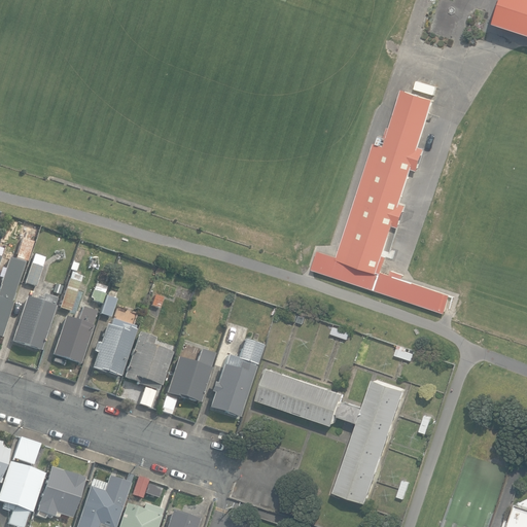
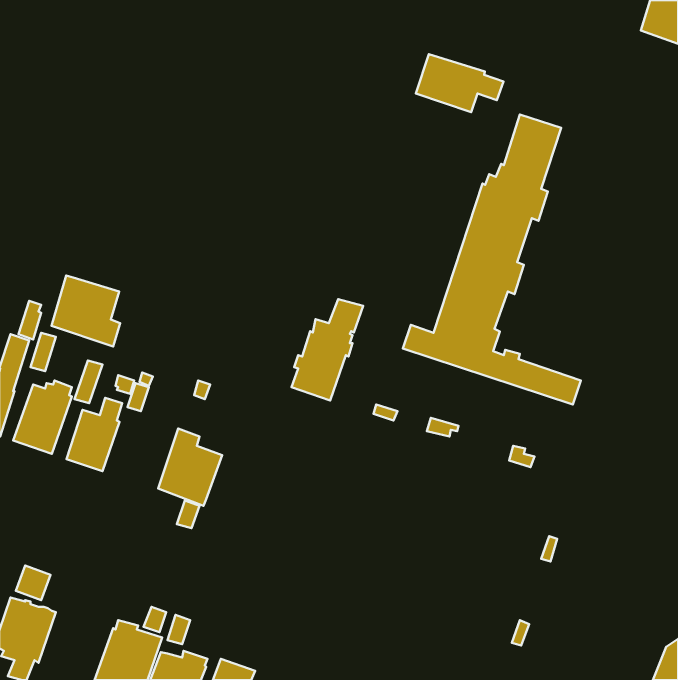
building: none -> [416,54,503,112]
building: none -> [51,275,120,347]
building: [91,319,135,377] -> none
building: [208,340,264,418] -> [291,299,363,400]
building: [159,349,214,416] -> none
building: [259,367,407,502] -> none
building: [35,467,83,518] -> none

